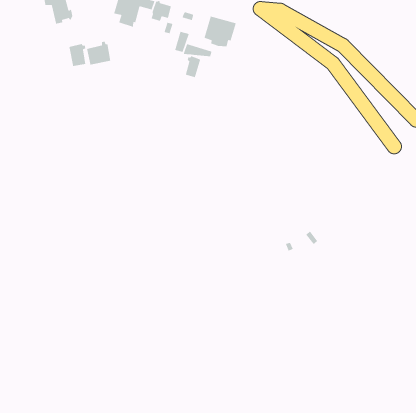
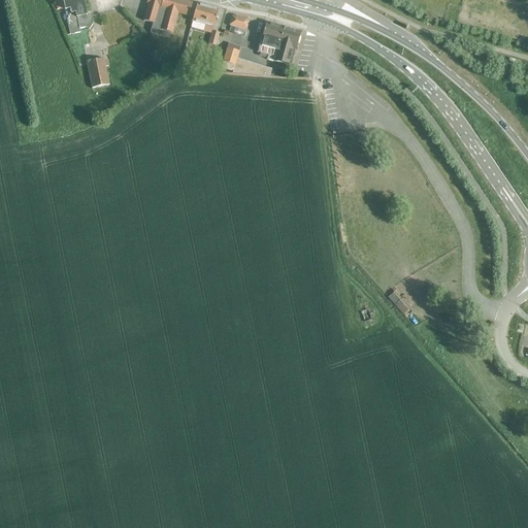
building: [86,41,111,65] -> none
building: [185,55,201,78] -> none

